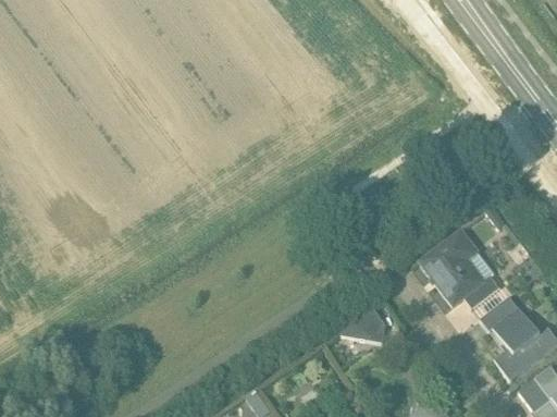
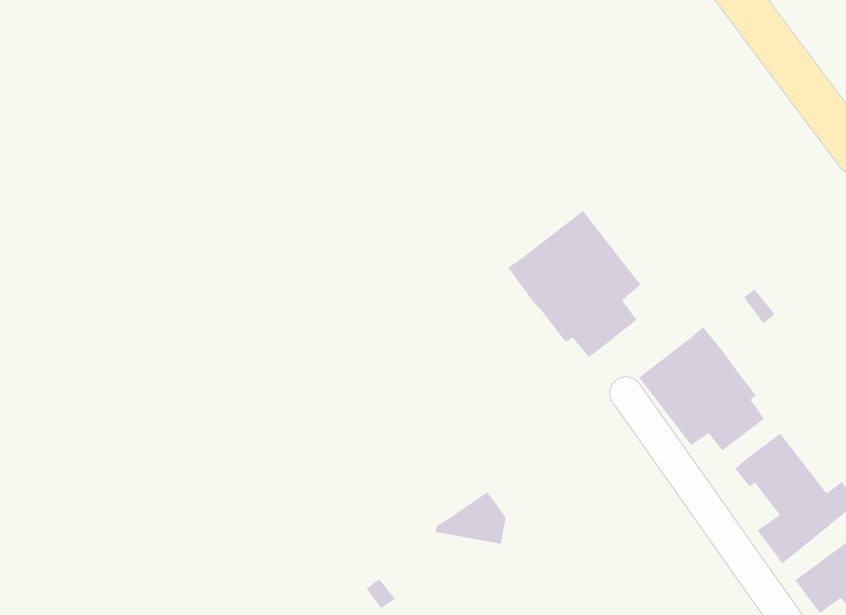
building: none -> [507,210,641,358]
building: [339,308,385,342] -> [434,491,507,544]

